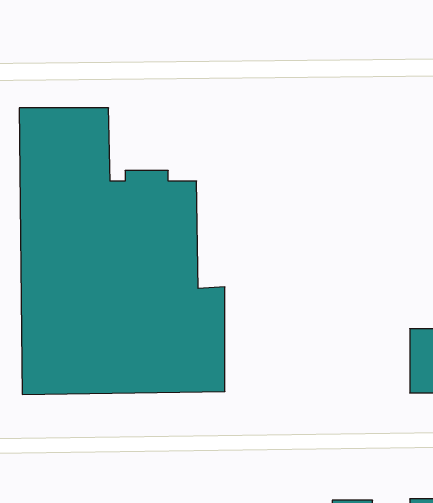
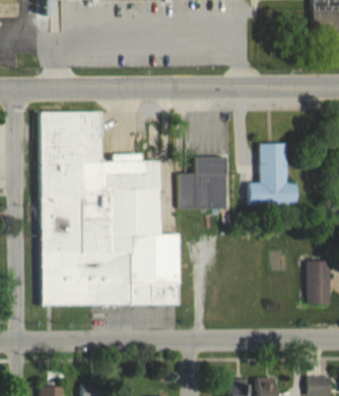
building: none -> [246,143,297,205]
building: none -> [178,157,226,208]

